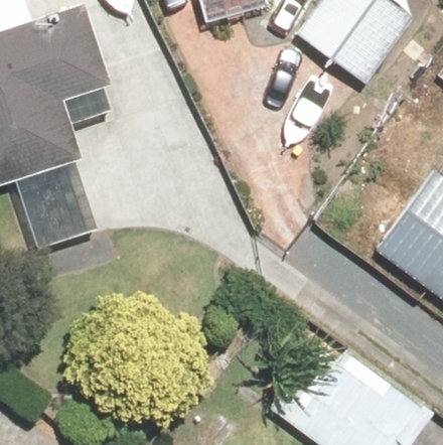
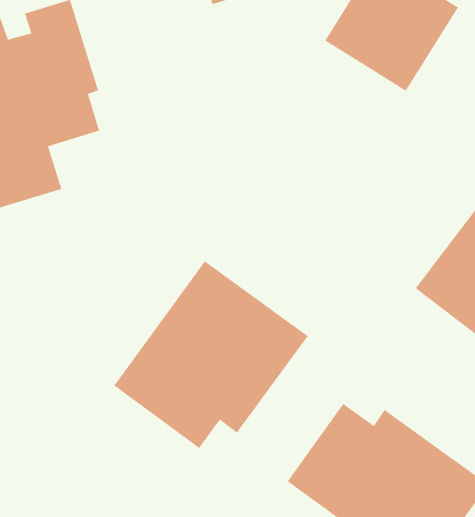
building: none -> [113,260,308,449]

